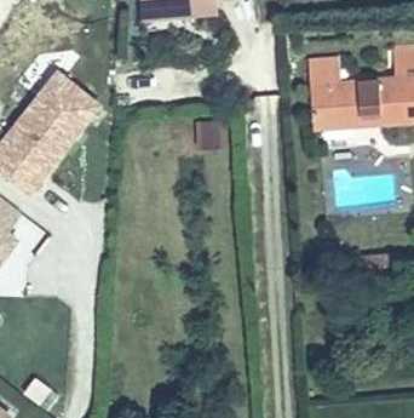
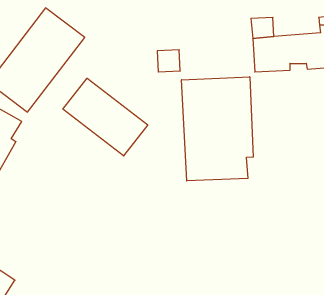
building: none -> [182,77,253,181]
building: none -> [63,78,148,156]

